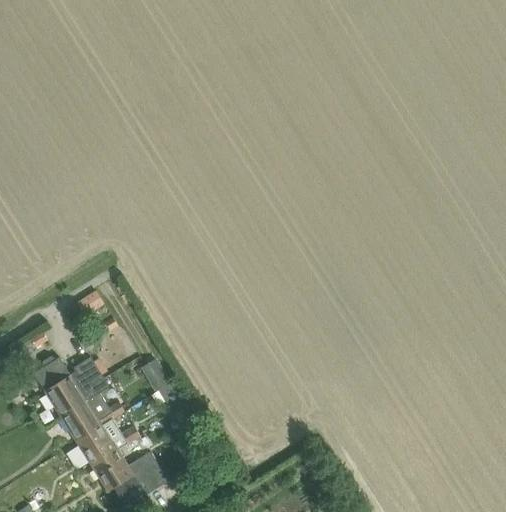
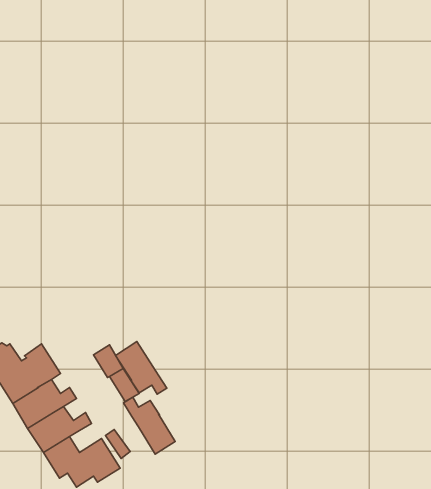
building: none -> [116,342,167,394]
building: none -> [124,397,175,454]

